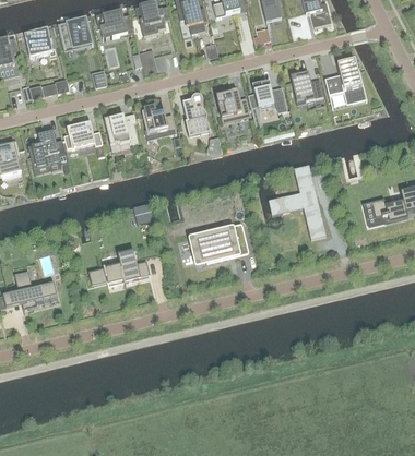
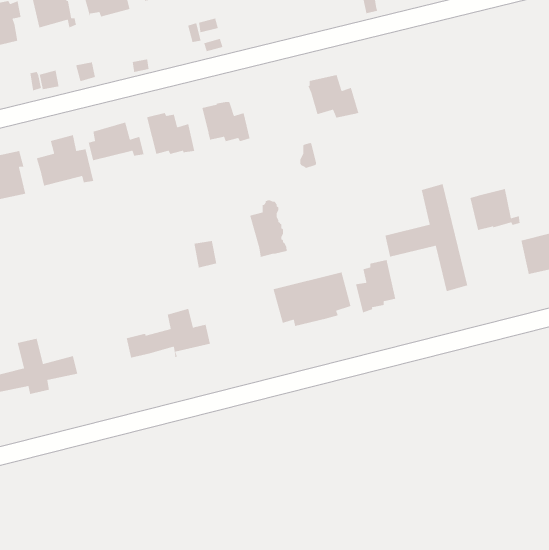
building: [324,60,366,101] -> none
building: [290,71,323,101] -> none
building: [251,80,287,128] -> none
building: [182,94,210,134] -> [249,199,289,258]
building: none -> [469,188,520,231]
building: none -> [355,259,396,314]

